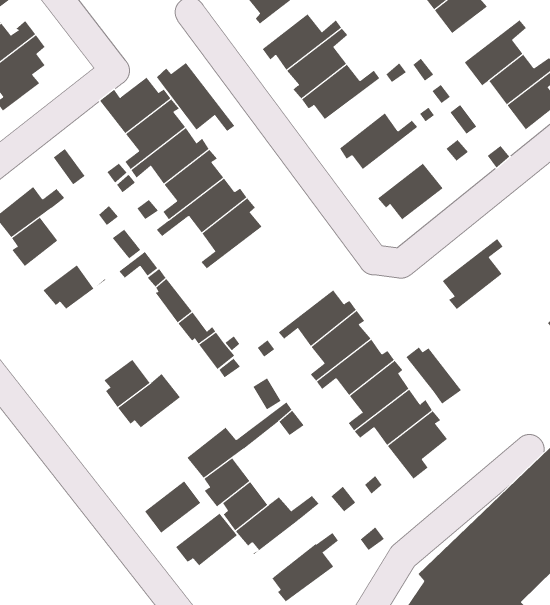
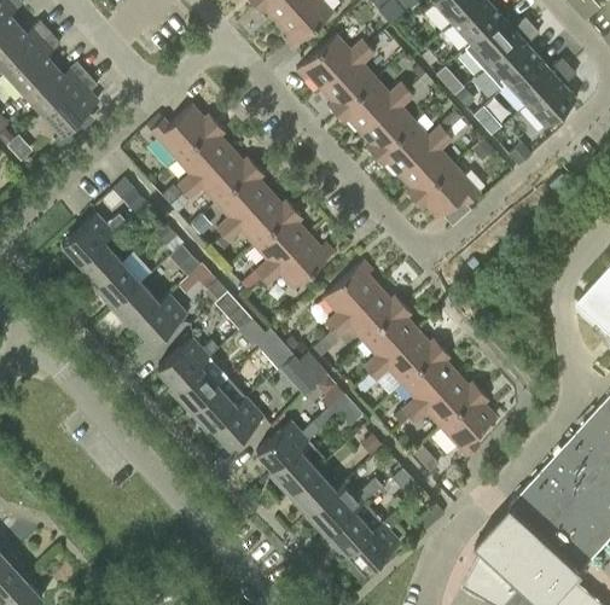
building: none -> [464,16,531,69]
building: [156,62,235,132] -> none
building: none -> [359,89,414,157]
building: none -> [261,234,333,289]
building: [442,238,503,310] -> [397,132,453,200]
building: none -> [93,262,141,309]
building: none -> [323,261,379,331]
building: none -> [134,295,186,344]
building: none -> [157,338,219,388]
building: [406,347,462,405] -> none
building: [144,480,201,534] -> [211,397,263,448]
building: [175,513,238,566] -> [325,502,382,553]

